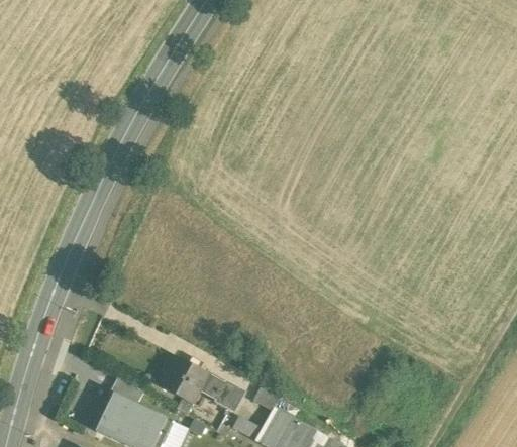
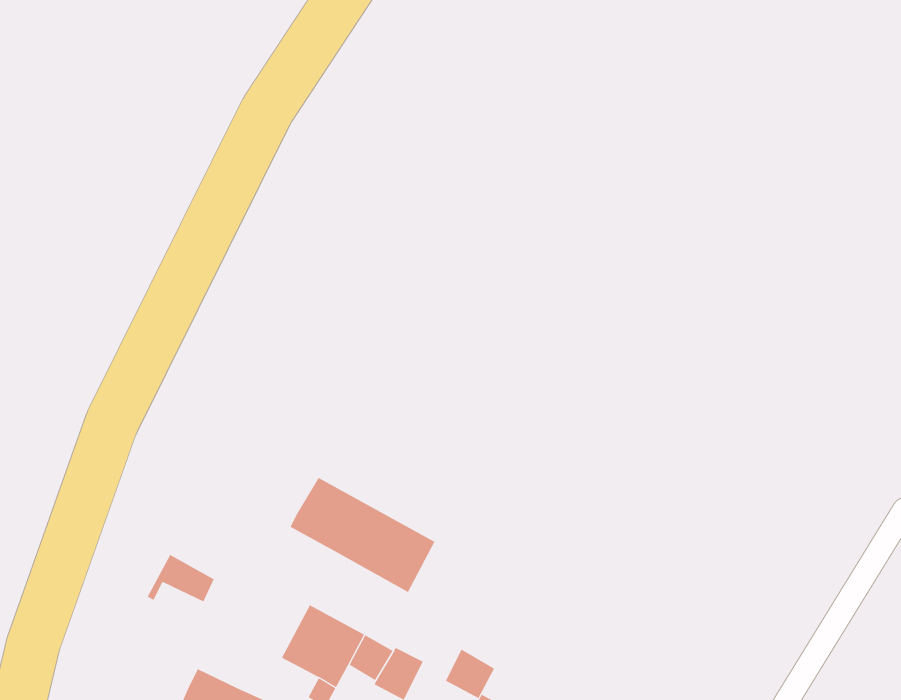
building: none -> [290,477,435,593]
building: [106,377,144,405] -> [147,554,214,602]

